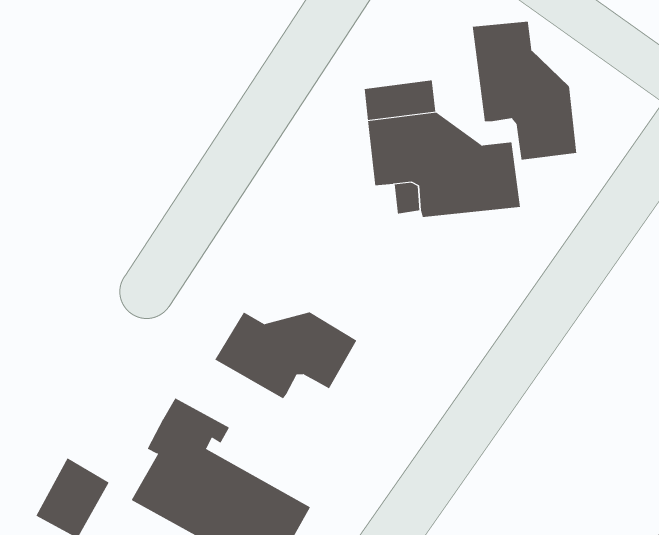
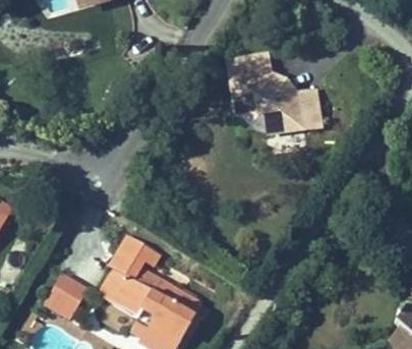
building: [472,21,577,161] -> none
building: [215,311,357,399] -> none

